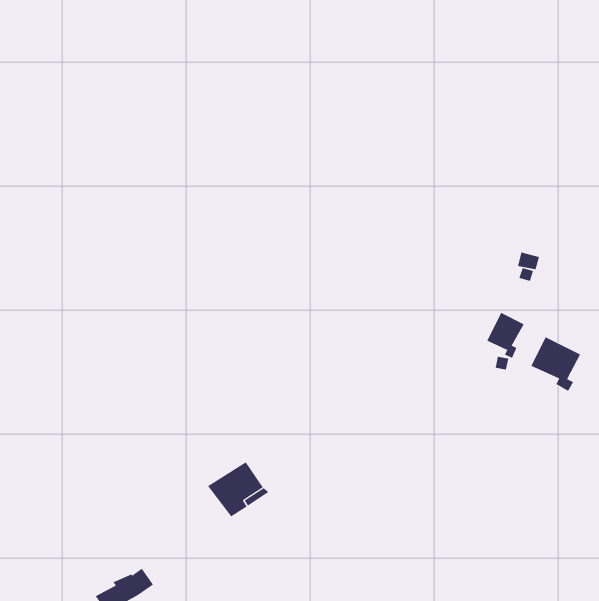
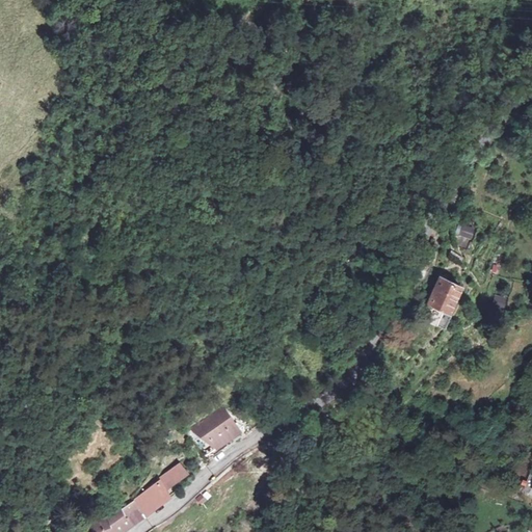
building: [531,336,581,392] -> none
building: none -> [130,462,187,516]

